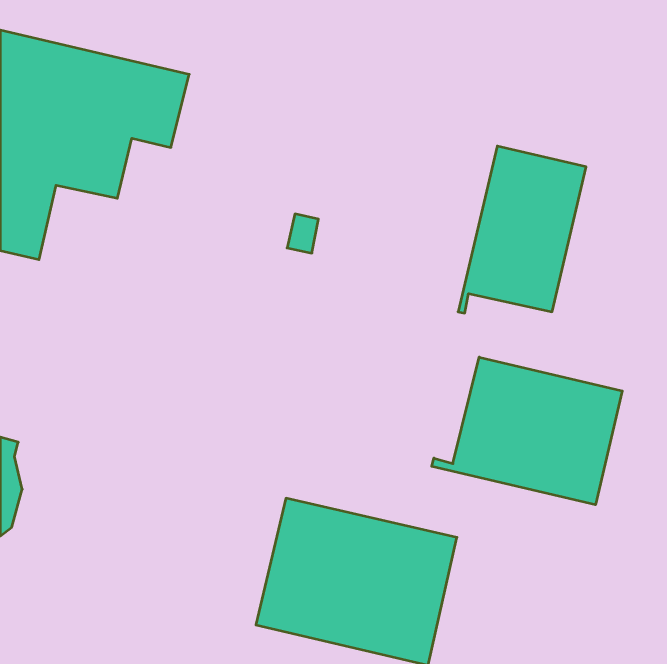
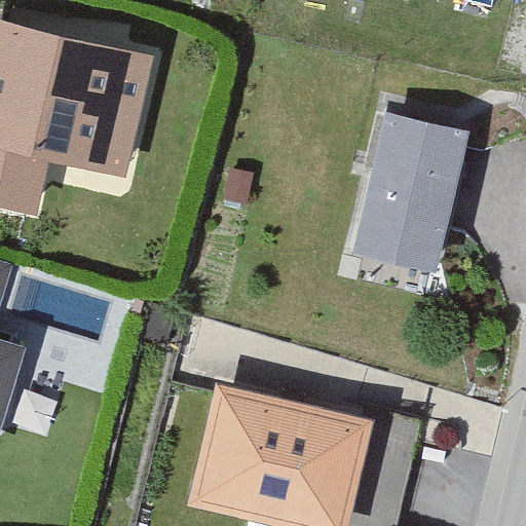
building: [432,357,622,505] -> none

